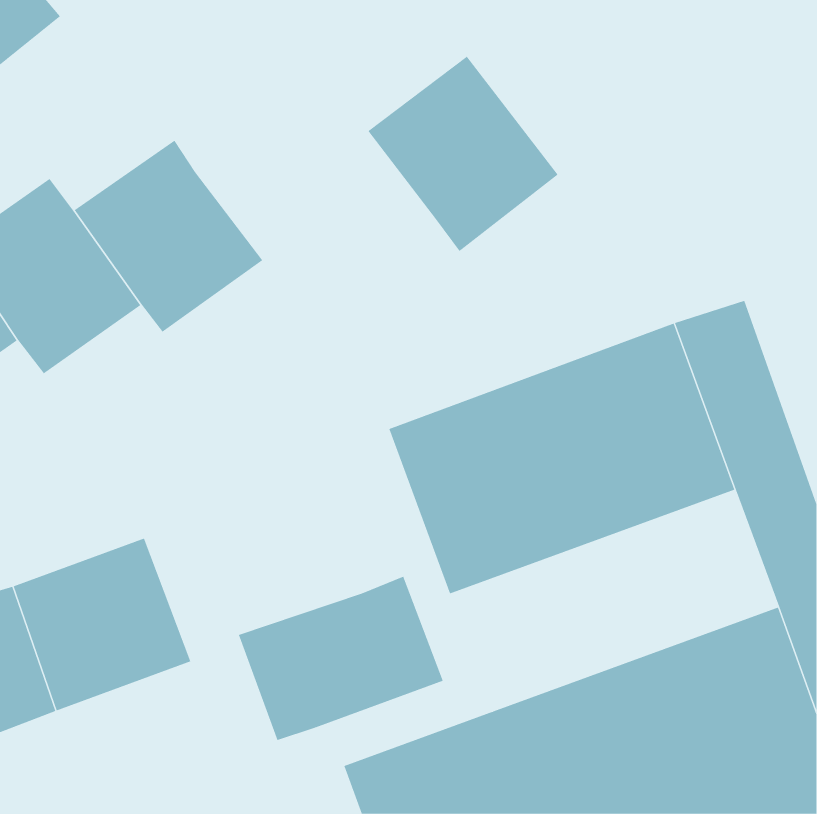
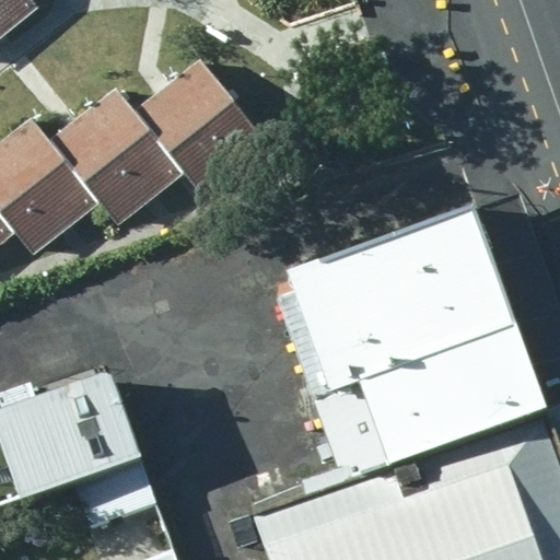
building: [368,56,559,252] -> [133,66,264,199]
building: none -> [306,334,530,485]
building: [238,576,443,741] -> none

